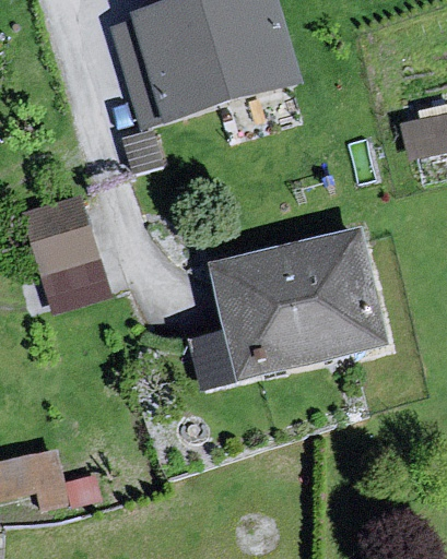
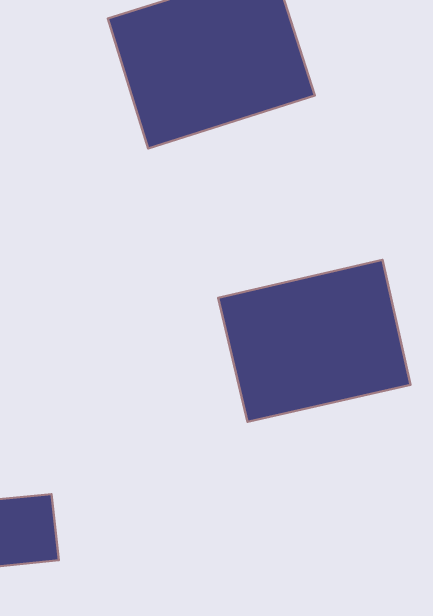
building: [23,183,106,300] -> none

